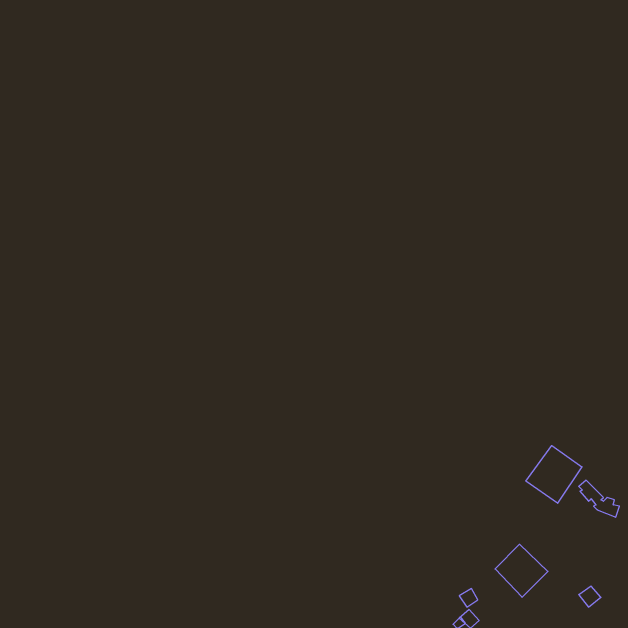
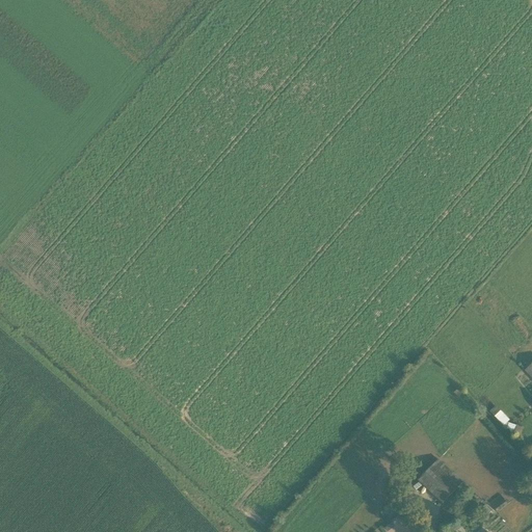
building: [526,446,582,503] -> none

